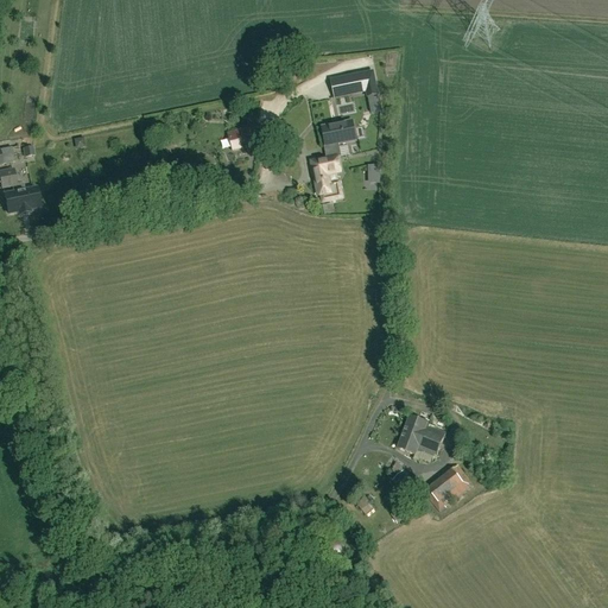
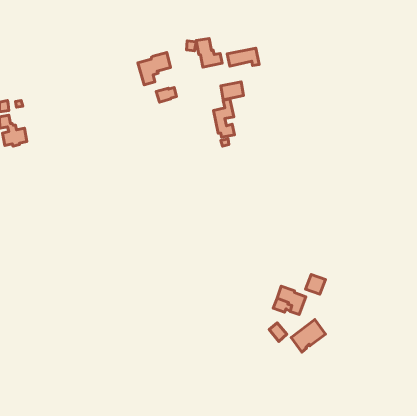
building: none -> [196,38,222,67]
building: none -> [138,53,171,85]
building: none -> [306,274,325,294]

